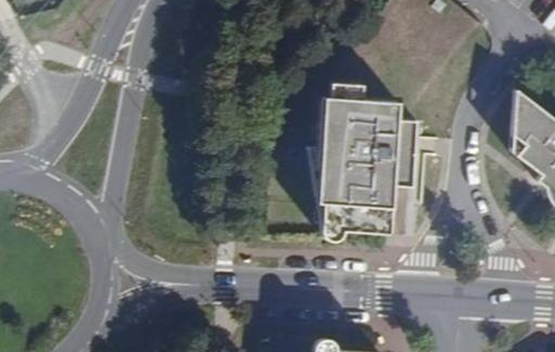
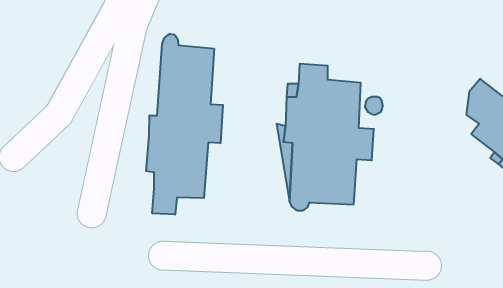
building: none -> [146,34,223,215]

